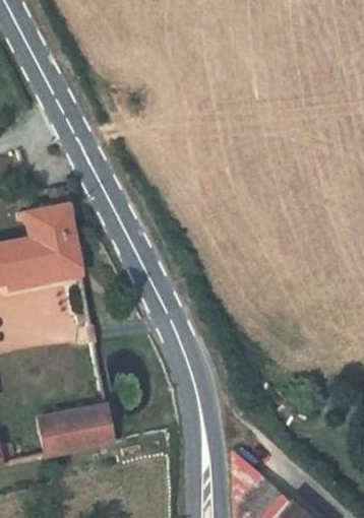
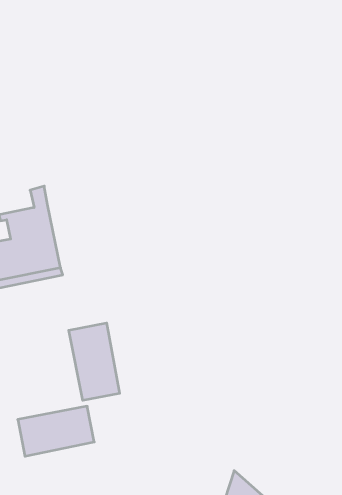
building: none -> [69,323,120,400]

